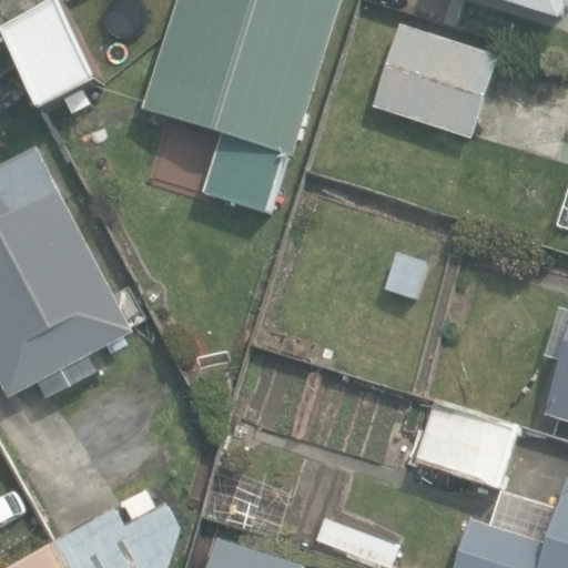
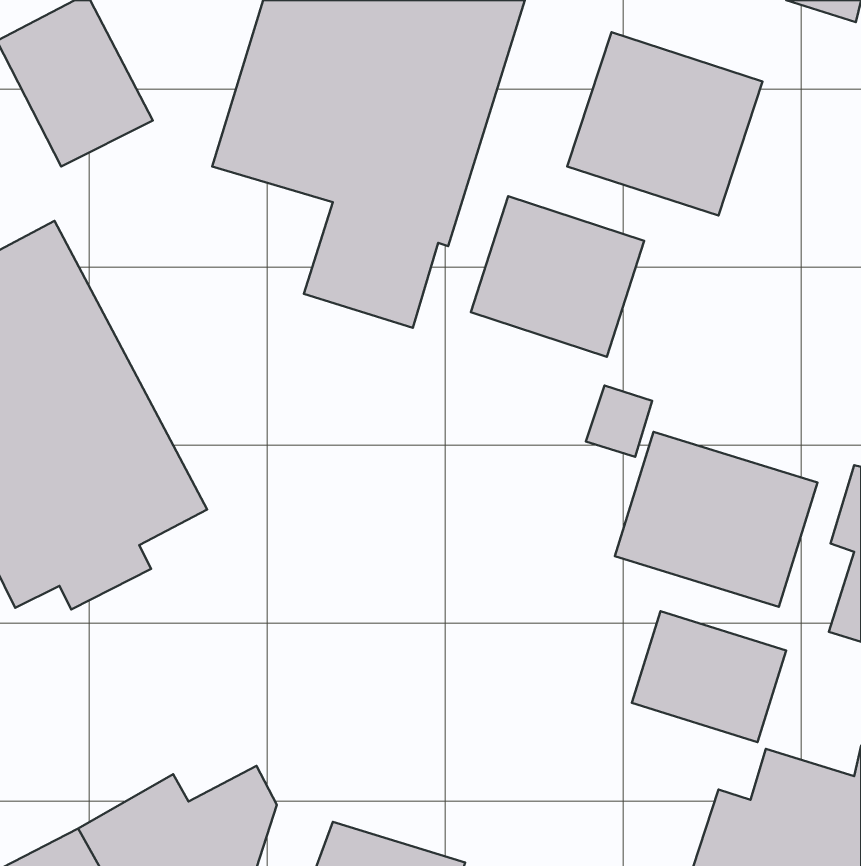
building: none -> [471,196,644,357]
building: none -> [615,432,817,607]

